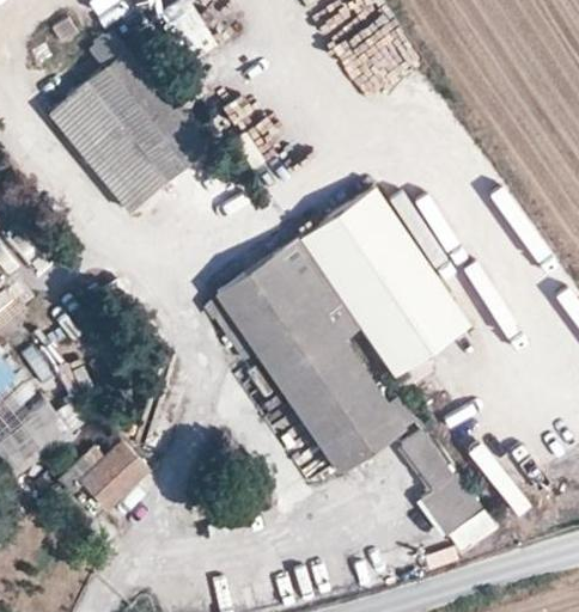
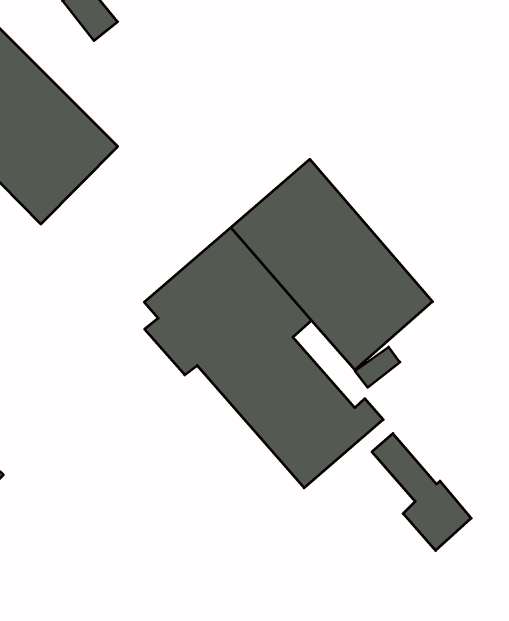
building: [72,448,146,509] -> none

